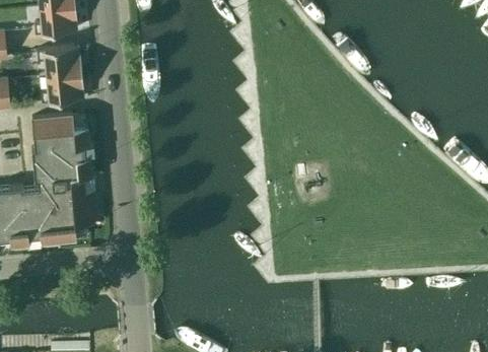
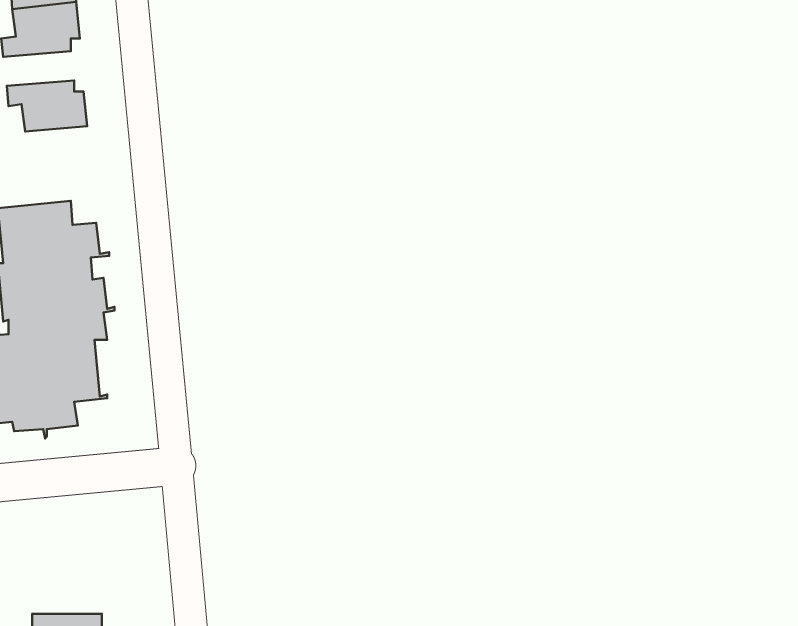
building: [41,72,83,102] -> none

